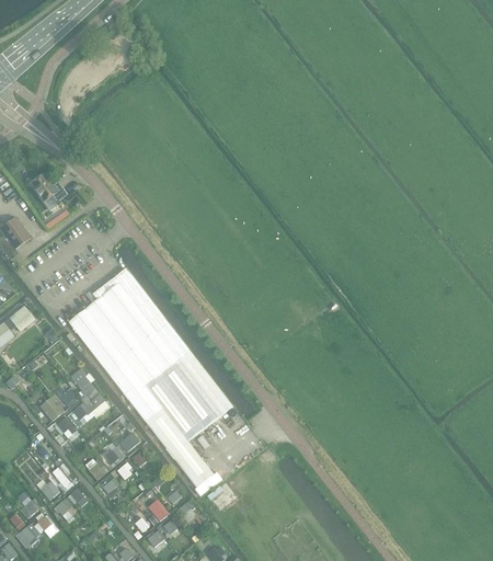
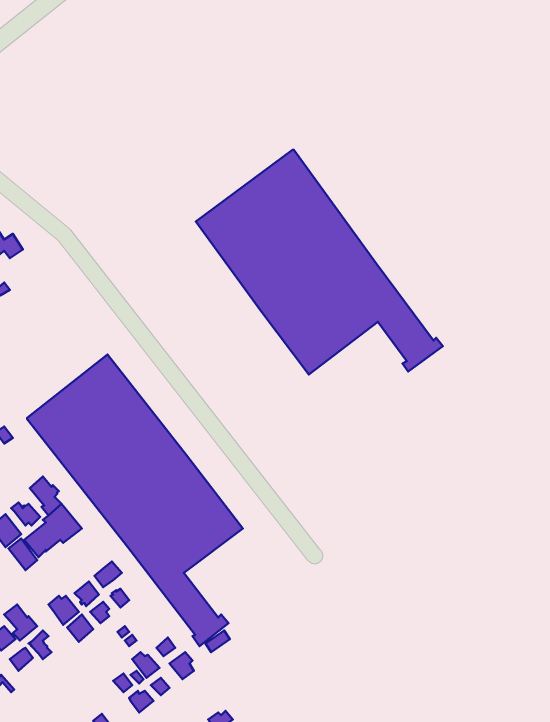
building: none -> [196,150,443,375]

